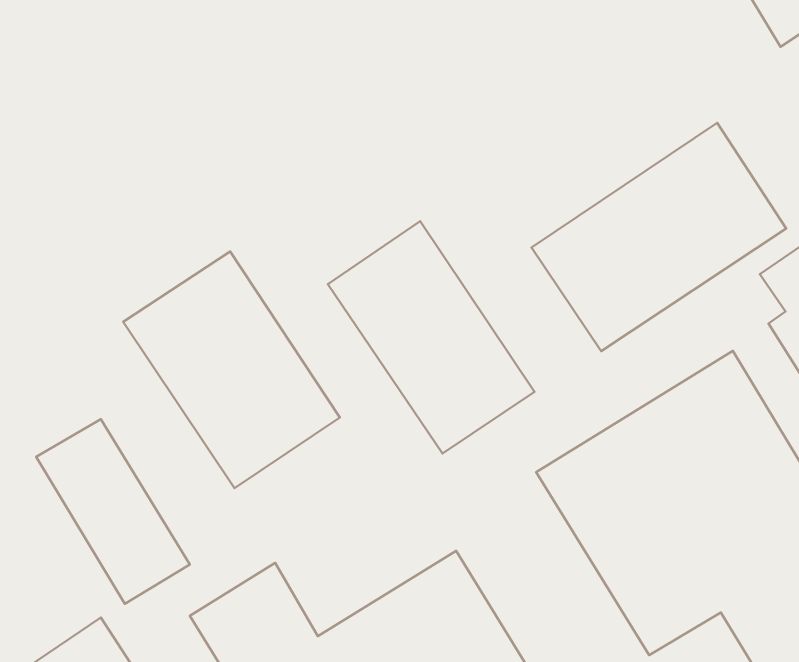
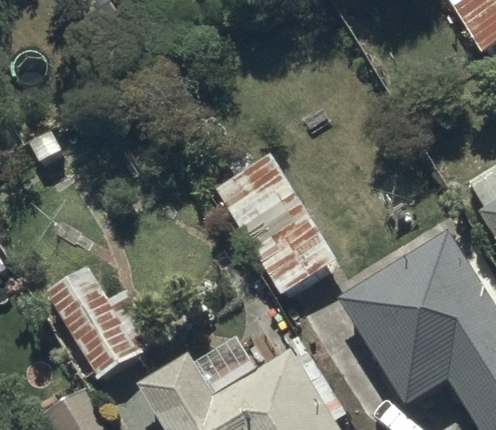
building: [532,123,786,351] -> none
building: [123,252,340,488] -> none

